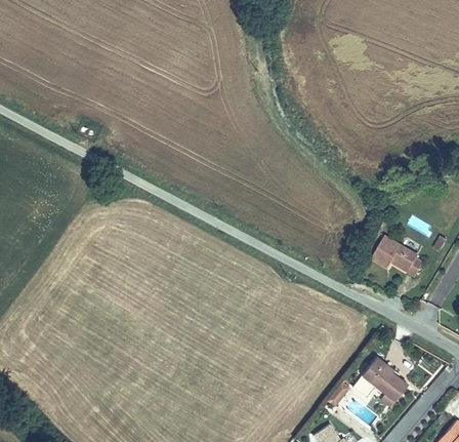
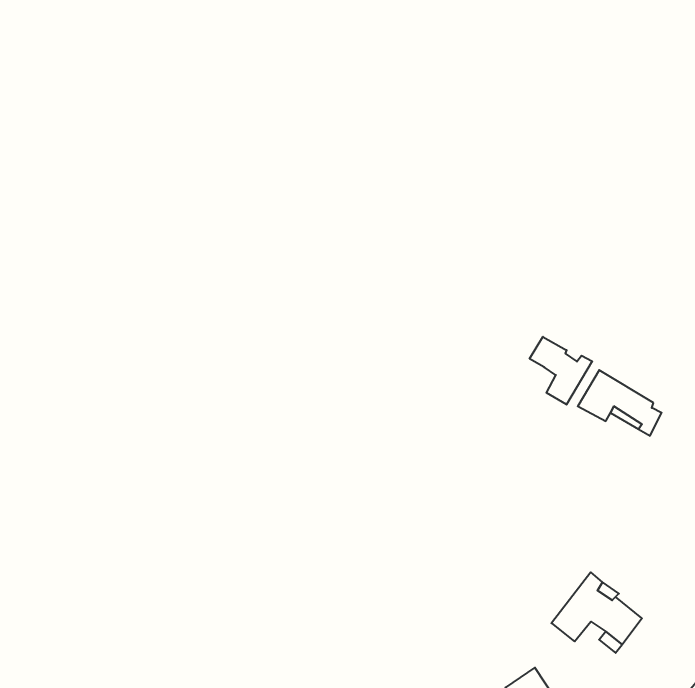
building: none -> [530,337,592,405]

